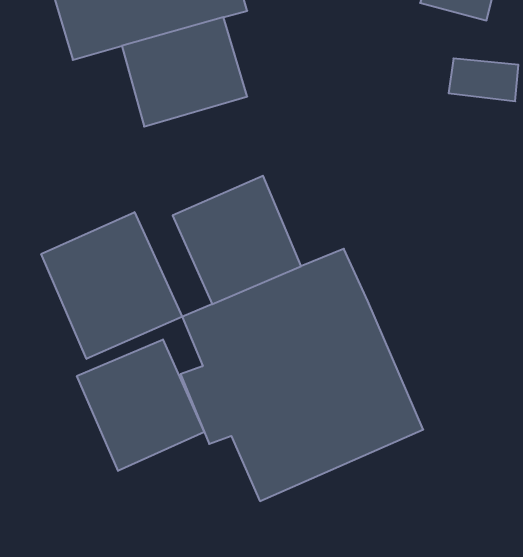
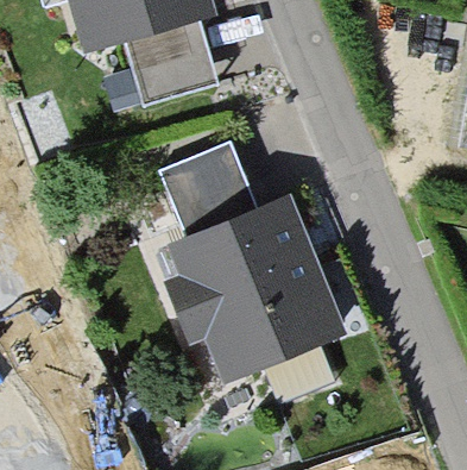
building: [41,212,182,359] -> none
building: [77,339,204,471] -> none

